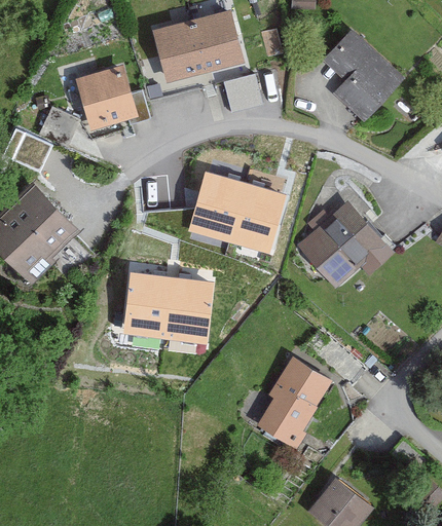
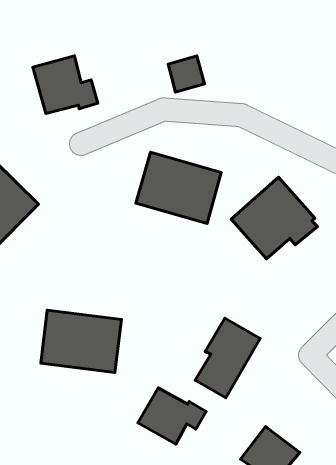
building: [152,10,240,80] -> none
building: [320,28,403,123] -> none
building: [124,272,214,341] -> [41,310,121,372]
building: none -> [138,388,206,444]

